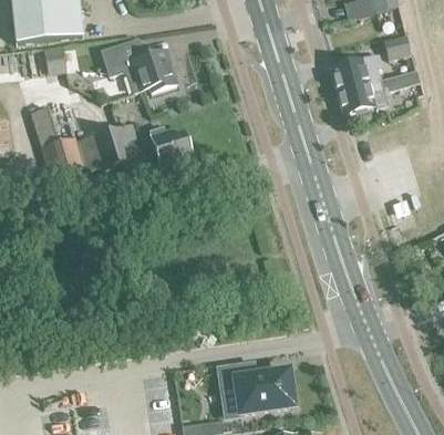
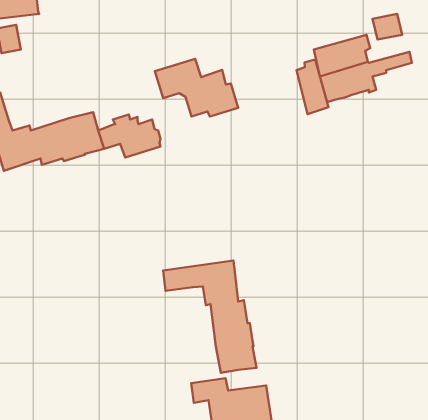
building: [101,40,176,92] -> [155,59,238,116]
building: none -> [296,59,329,114]
building: none -> [163,261,256,373]

